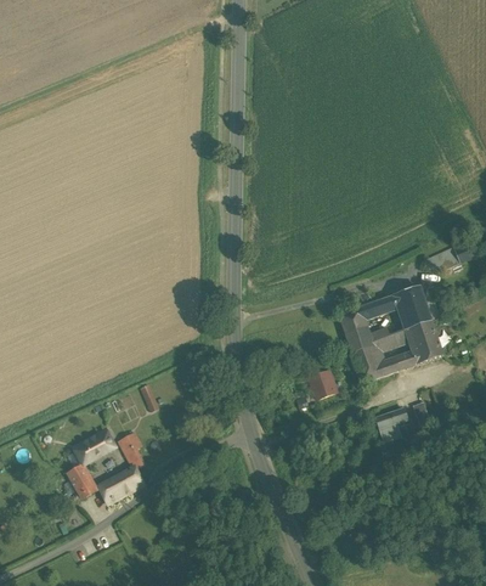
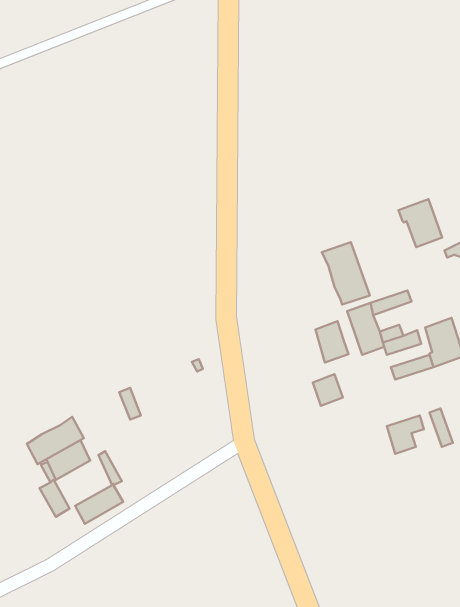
building: none -> [322,242,370,304]
building: [394,286,433,328] -> [398,199,442,247]
building: [354,345,383,382] -> [315,321,348,362]
building: none -> [27,417,84,464]

